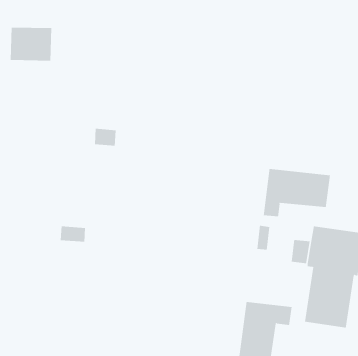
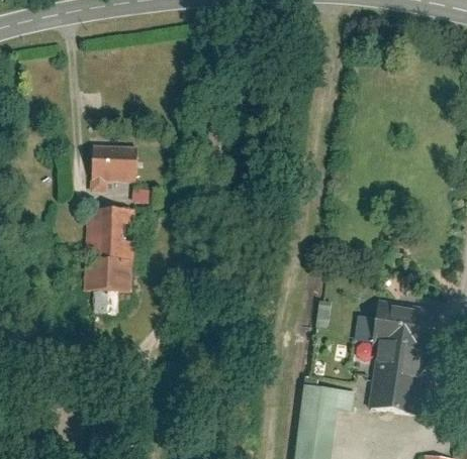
building: [10,27,52,61] -> [90,147,137,186]
building: none -> [84,218,132,297]
building: [263,168,330,217] -> none

